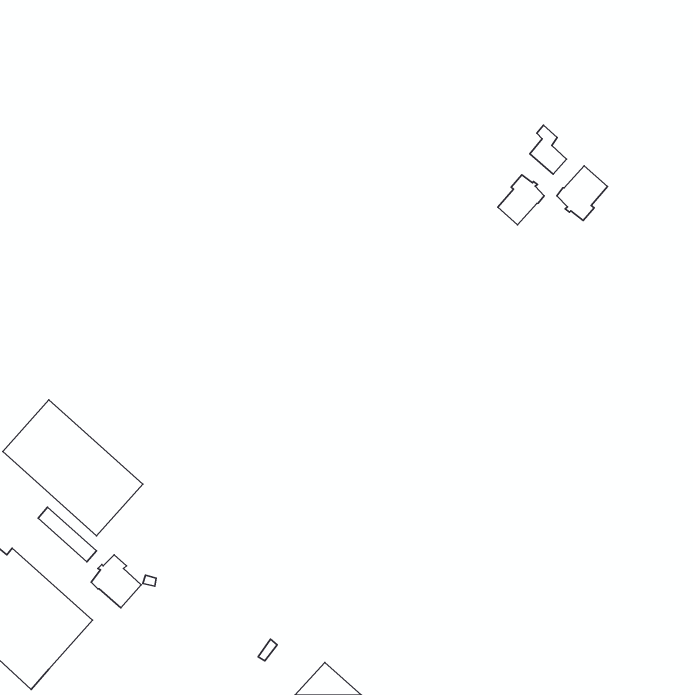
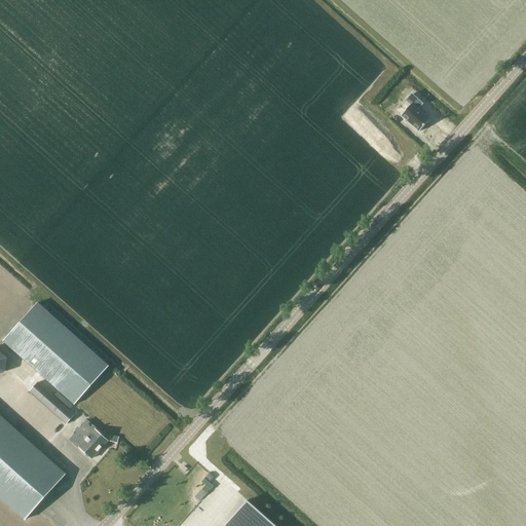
building: [557,166,607,220] -> none
building: [498,175,544,225] -> none

